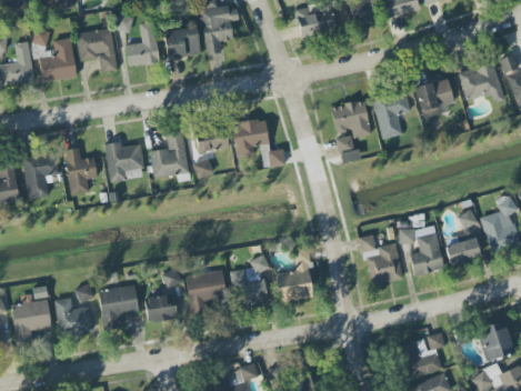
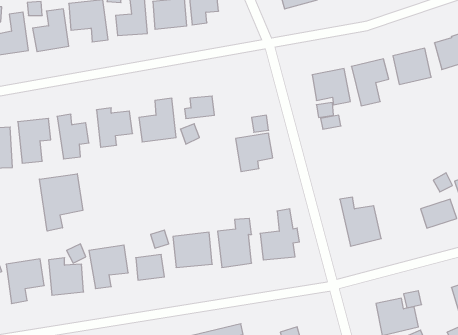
building: [231,118,270,158] -> [236,133,273,172]
building: none -> [39,174,83,231]
building: [399,224,444,275] -> none

